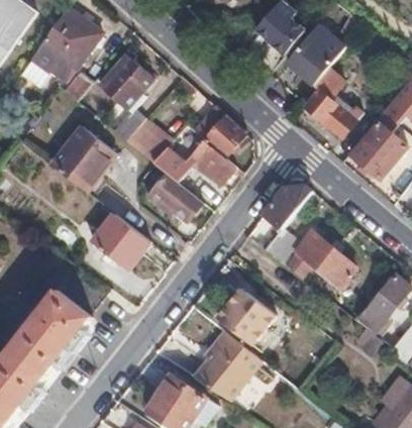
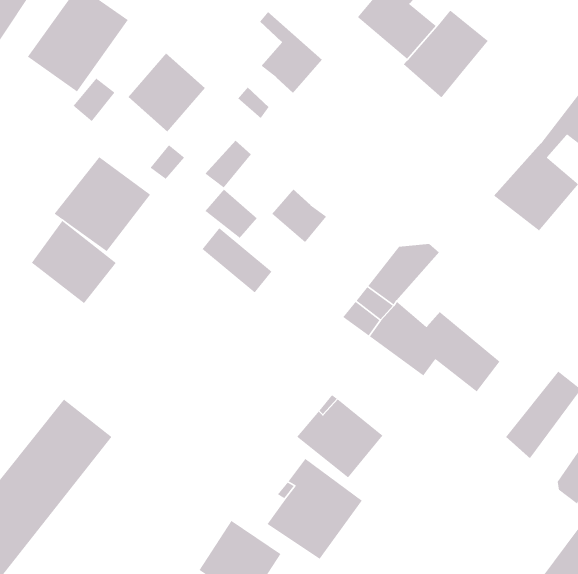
building: [308,69,364,137] -> none
building: [202,102,245,158] -> [259,11,323,94]
building: [93,212,151,270] -> [31,220,117,304]

